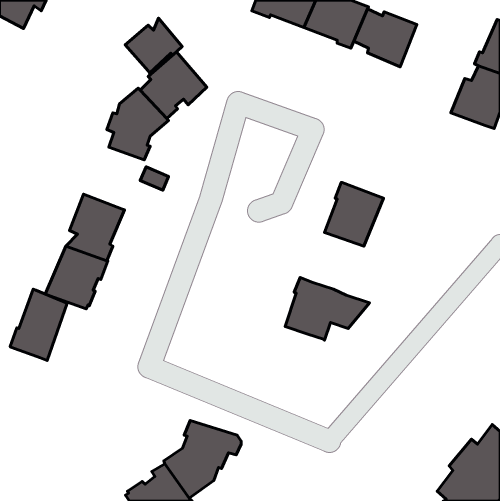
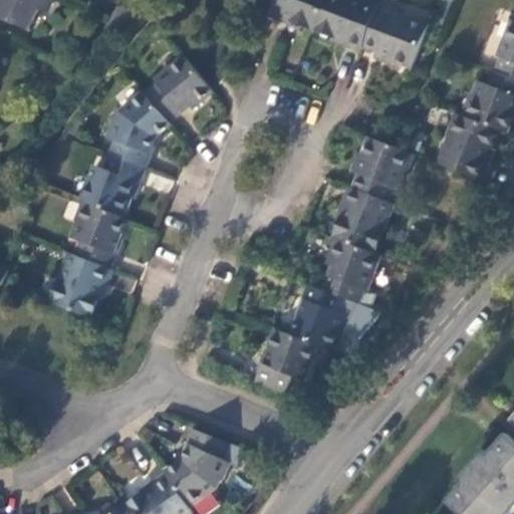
building: [125,18,182,73] -> none
building: none -> [439,111,497,179]
building: none -> [350,139,407,200]
building: none -> [82,151,148,214]
building: none -> [320,239,377,302]
building: [10,289,67,360] -> none
building: none -> [254,327,315,391]

